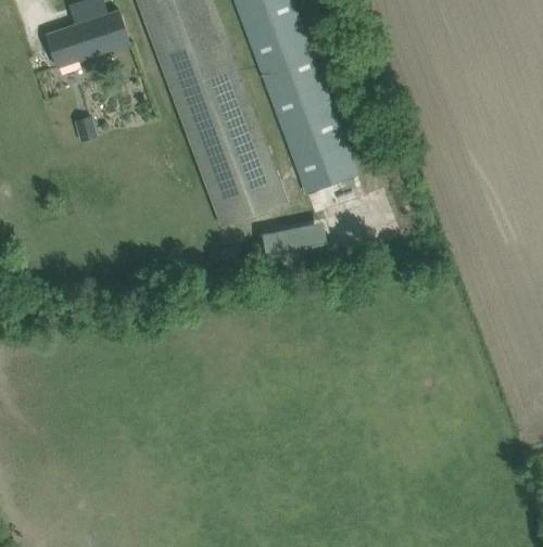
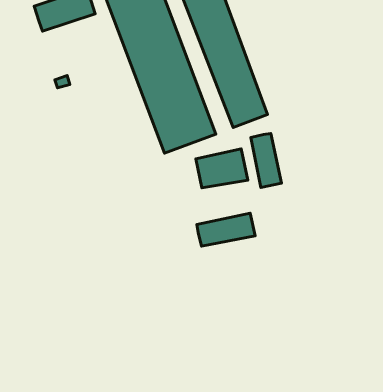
building: none -> [251,133,281,187]
building: none -> [197,213,255,246]

